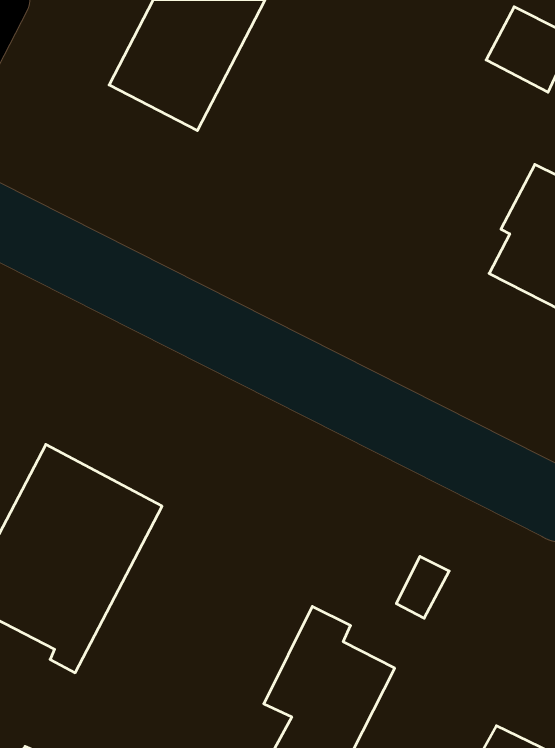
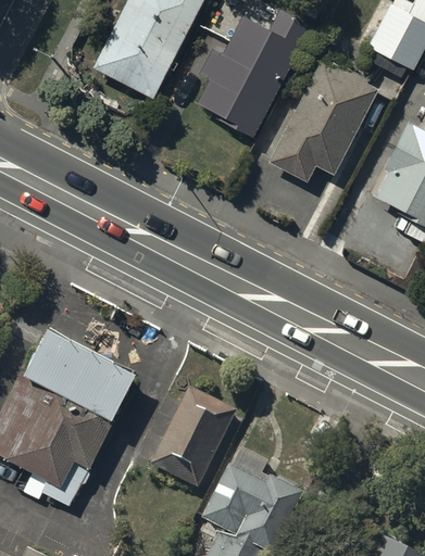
building: none -> [198,10,314,136]
building: none -> [268,58,380,184]
building: none -> [152,391,233,485]

